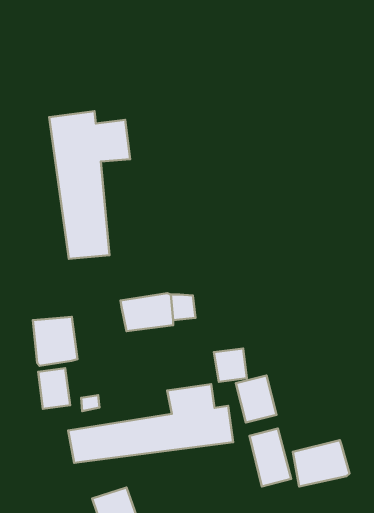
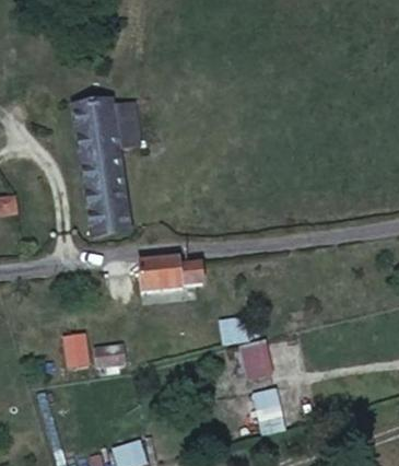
building: [33,317,78,366] -> none
building: [68,384,233,463] -> none
building: [293,440,350,487] -> none

